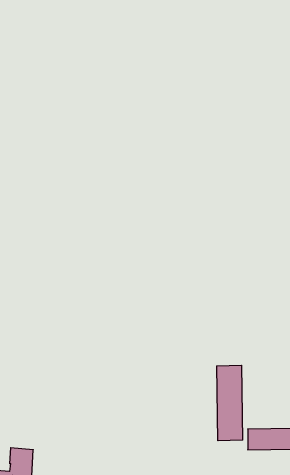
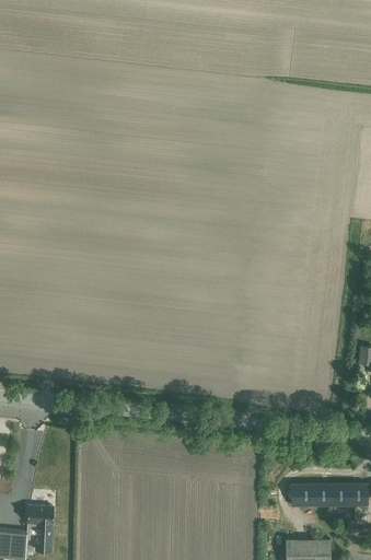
building: [217,365,243,441] -> none

